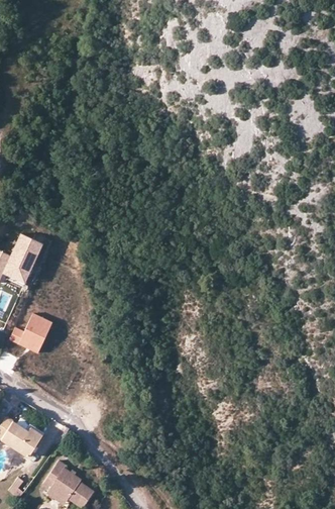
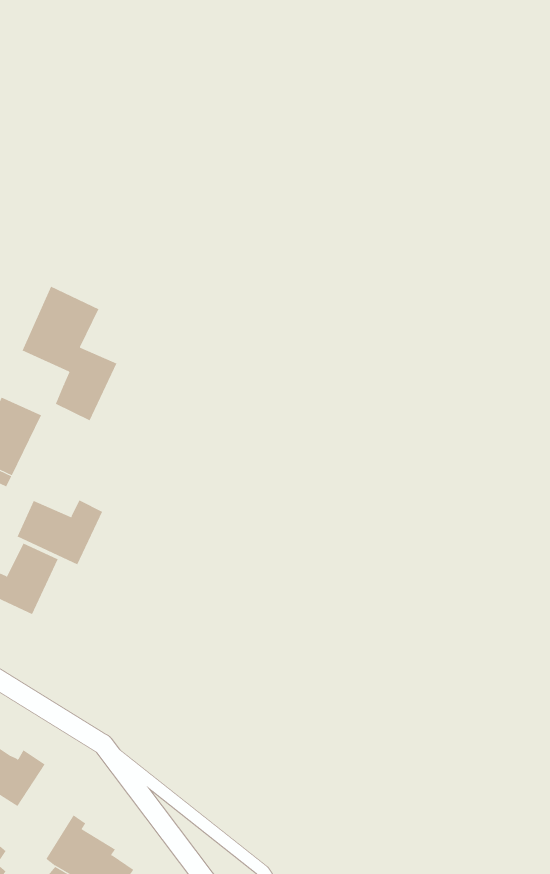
building: none -> [22,286,117,421]
building: none -> [17,500,103,565]

